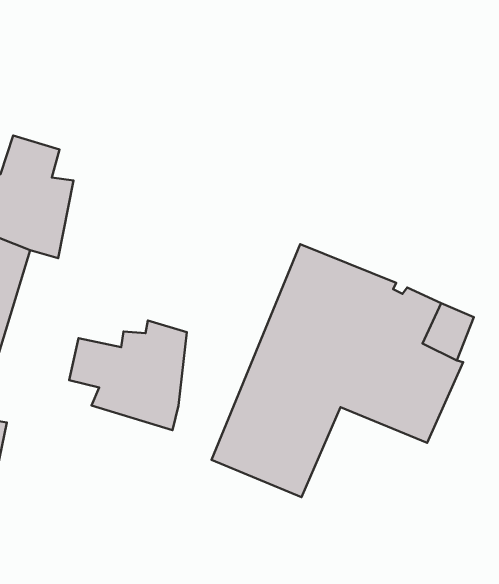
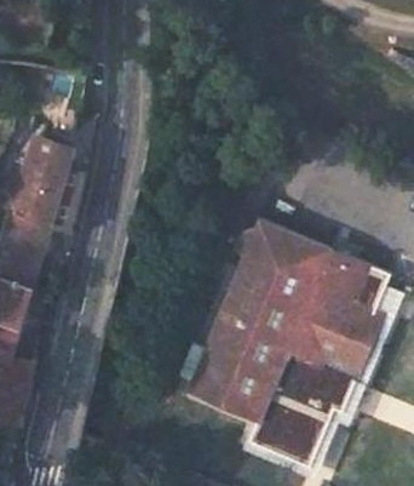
building: [69,320,187,430] -> none
building: none -> [251,347,357,464]

